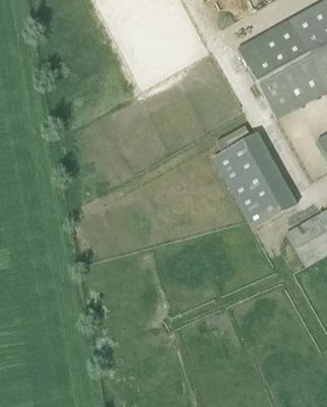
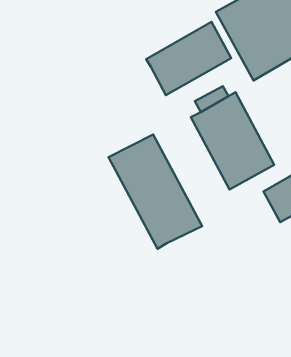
building: none -> [146,22,231,95]
building: none -> [109,135,202,249]

